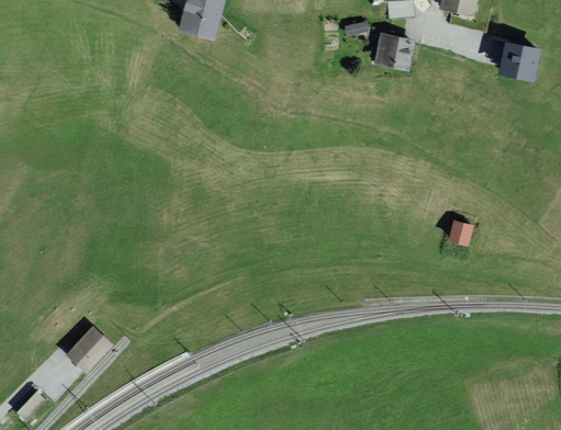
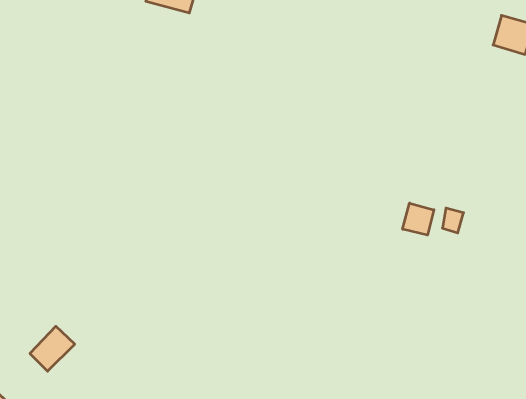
building: [375,37,413,70] -> none
building: none -> [403,203,434,235]

